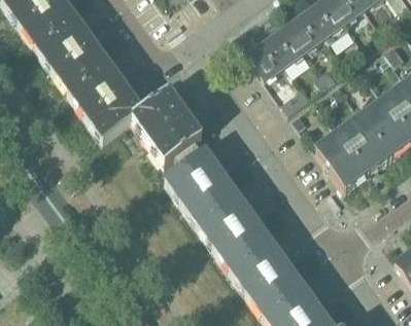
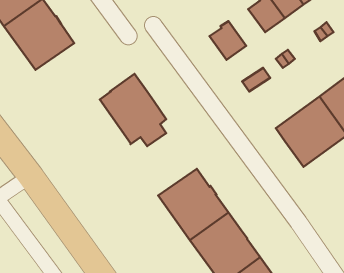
building: [269,24,307,62] -> none
building: [68,59,146,137] -> none
building: [167,149,236,217] -> none

